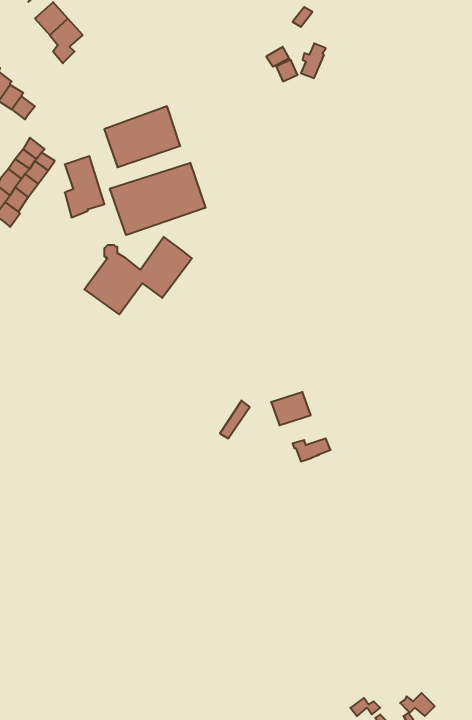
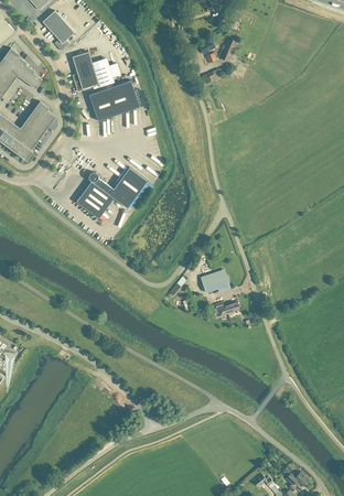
building: [65,156,104,217] -> [73,52,99,93]
building: [110,163,205,235] -> none

